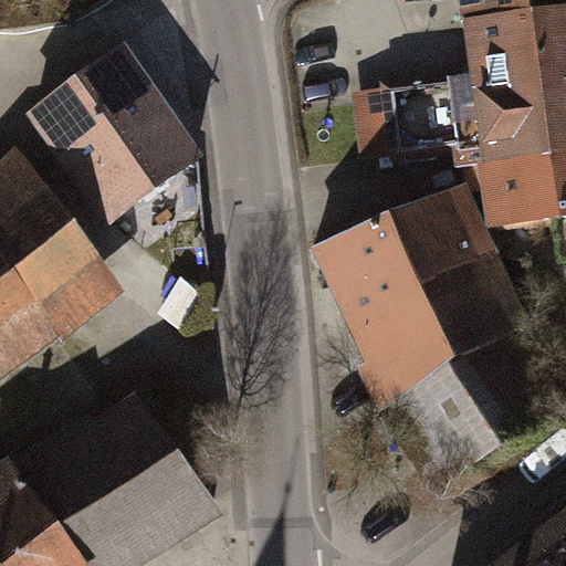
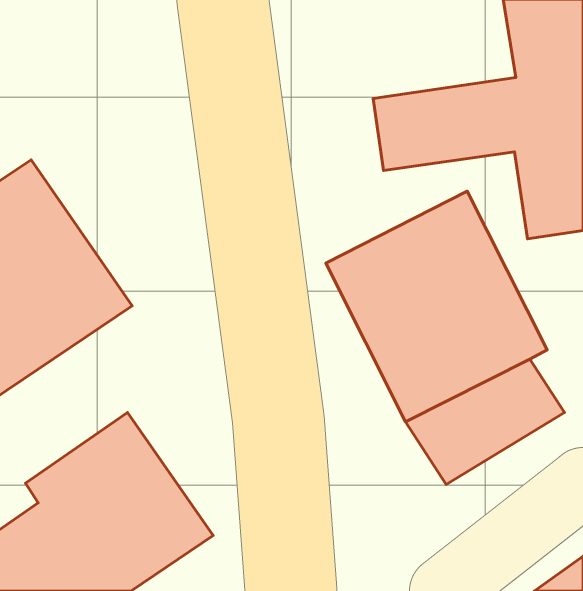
building: [43,53,210,226] -> none

